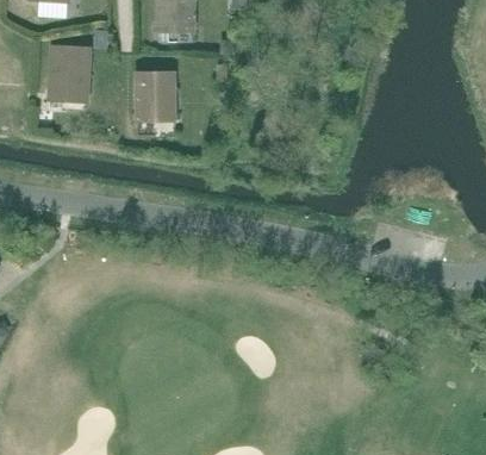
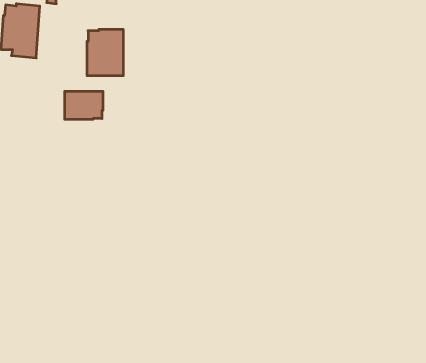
building: none -> [65,91,103,119]

